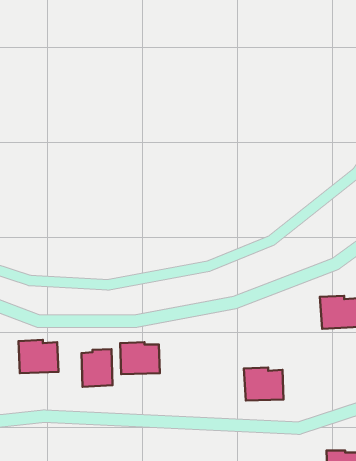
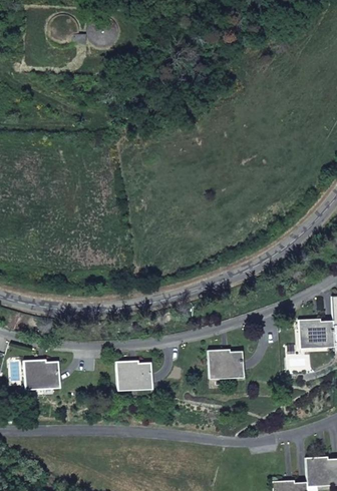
building: [81,349,113,387] -> none
building: [244,367,283,401] -> [208,349,244,379]

